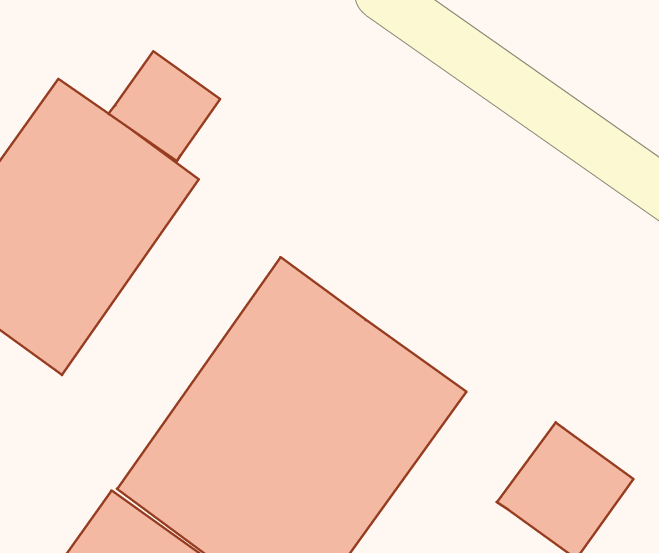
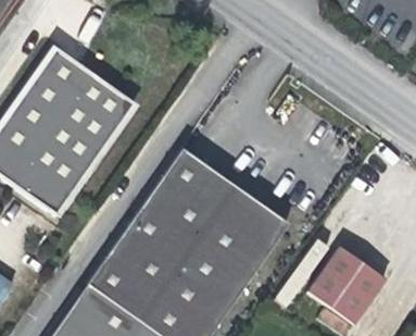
building: [109,51,220,161] -> none

